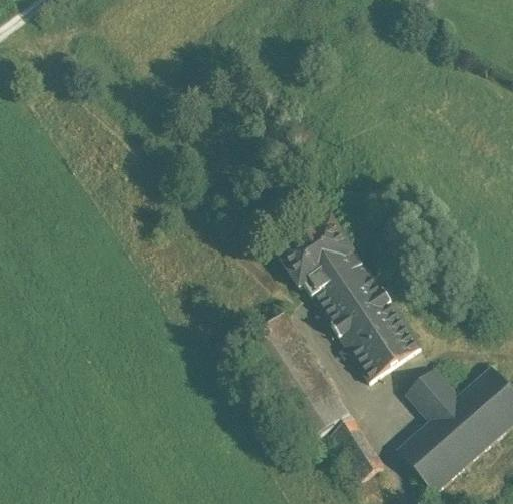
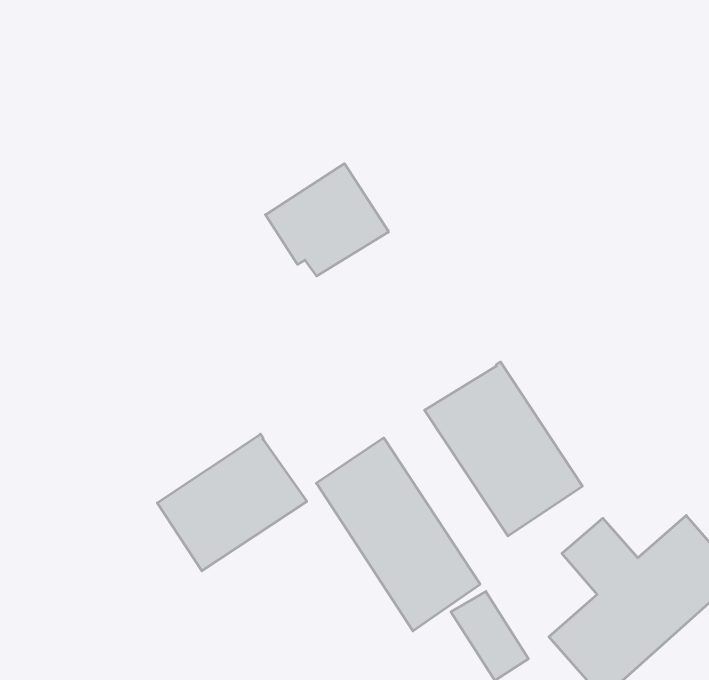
building: [278,217,362,295] -> [265,164,388,276]
building: none -> [157,434,307,571]

